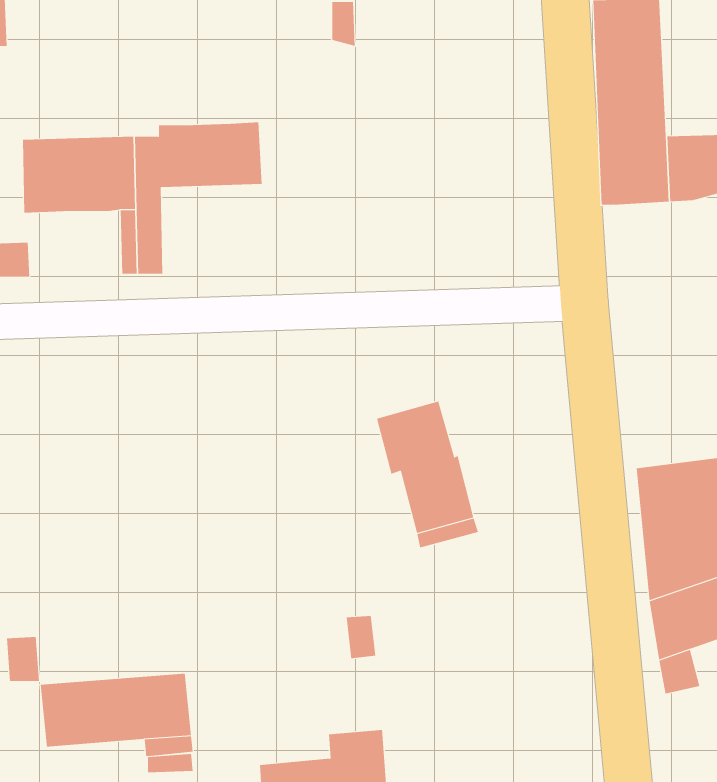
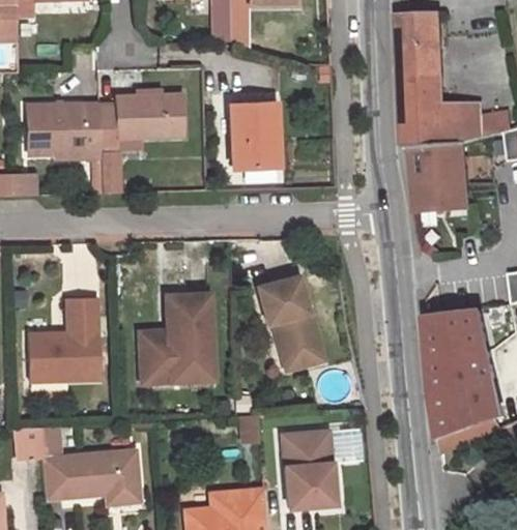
building: none -> [228,104,279,170]
building: none -> [410,145,468,212]
building: none -> [138,293,212,380]
building: none -> [29,298,98,380]
building: none -> [280,430,332,507]

